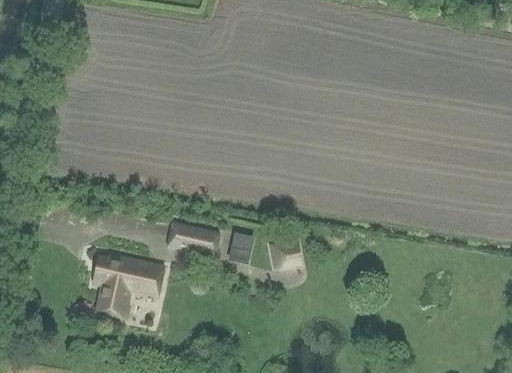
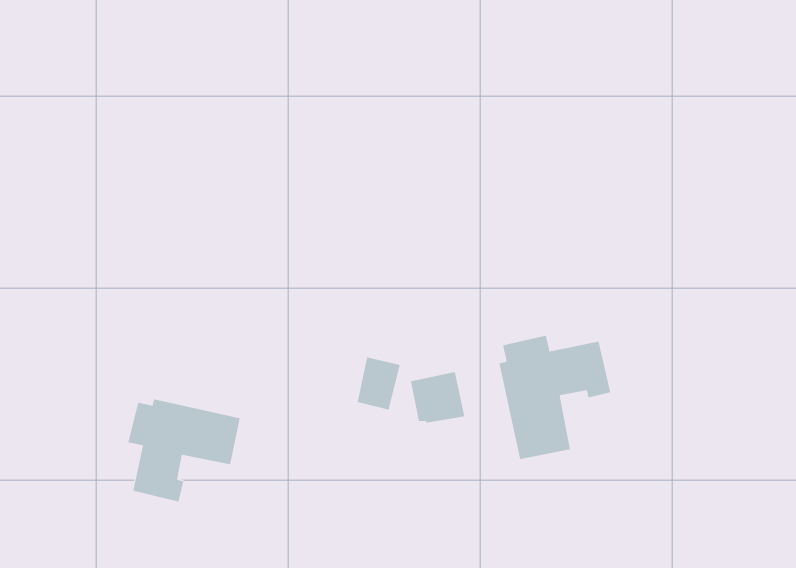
building: none -> [499,335,611,460]
building: [165,220,221,258] -> none

